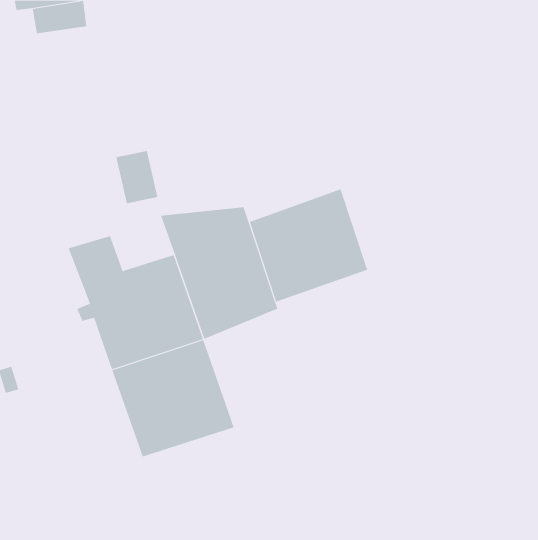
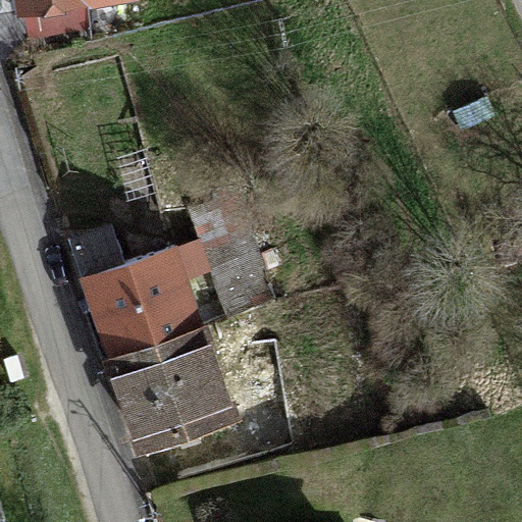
building: [249,188,368,302] -> none

